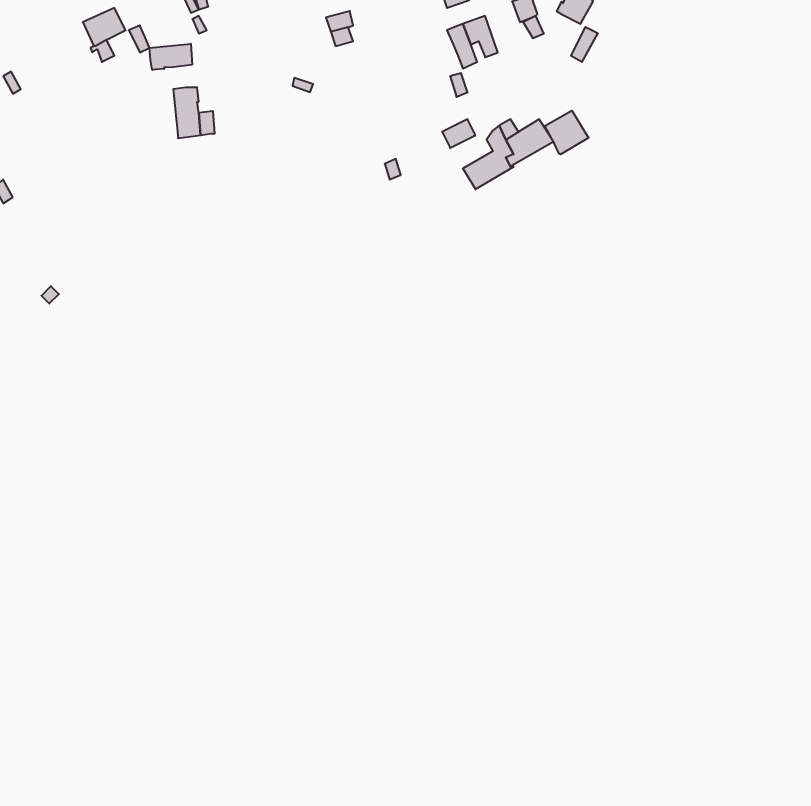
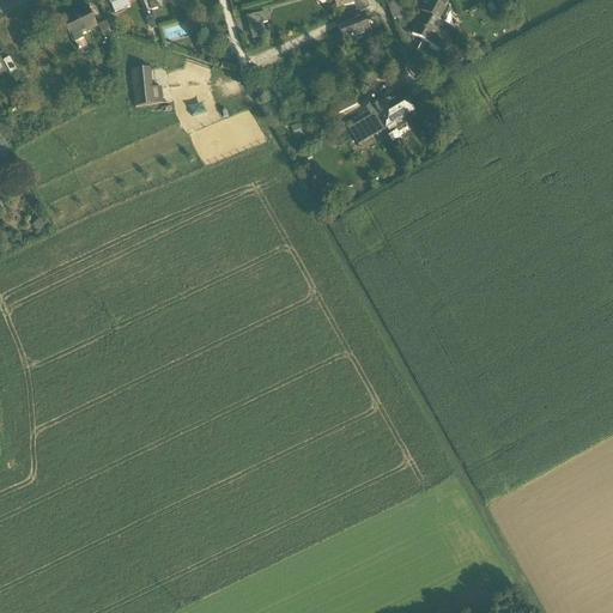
building: none -> [411,11,441,42]
building: [149,44,192,70] -> none
building: [545,111,589,154] -> none

